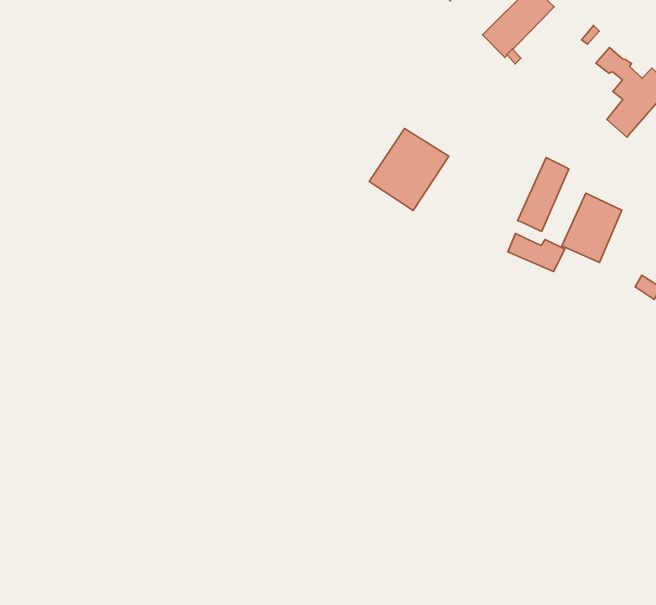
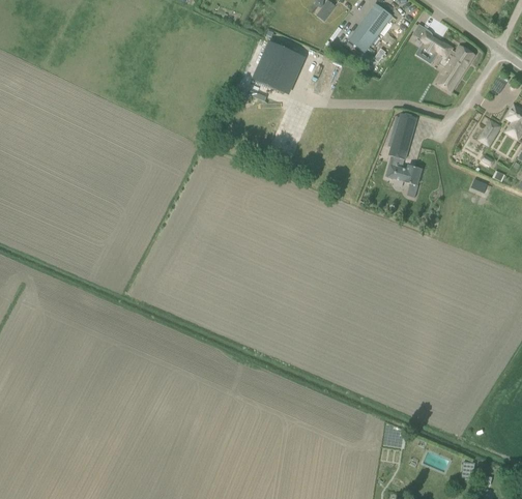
building: [369,129,449,211] -> [251,40,299,92]
building: [562,193,622,263] -> none

